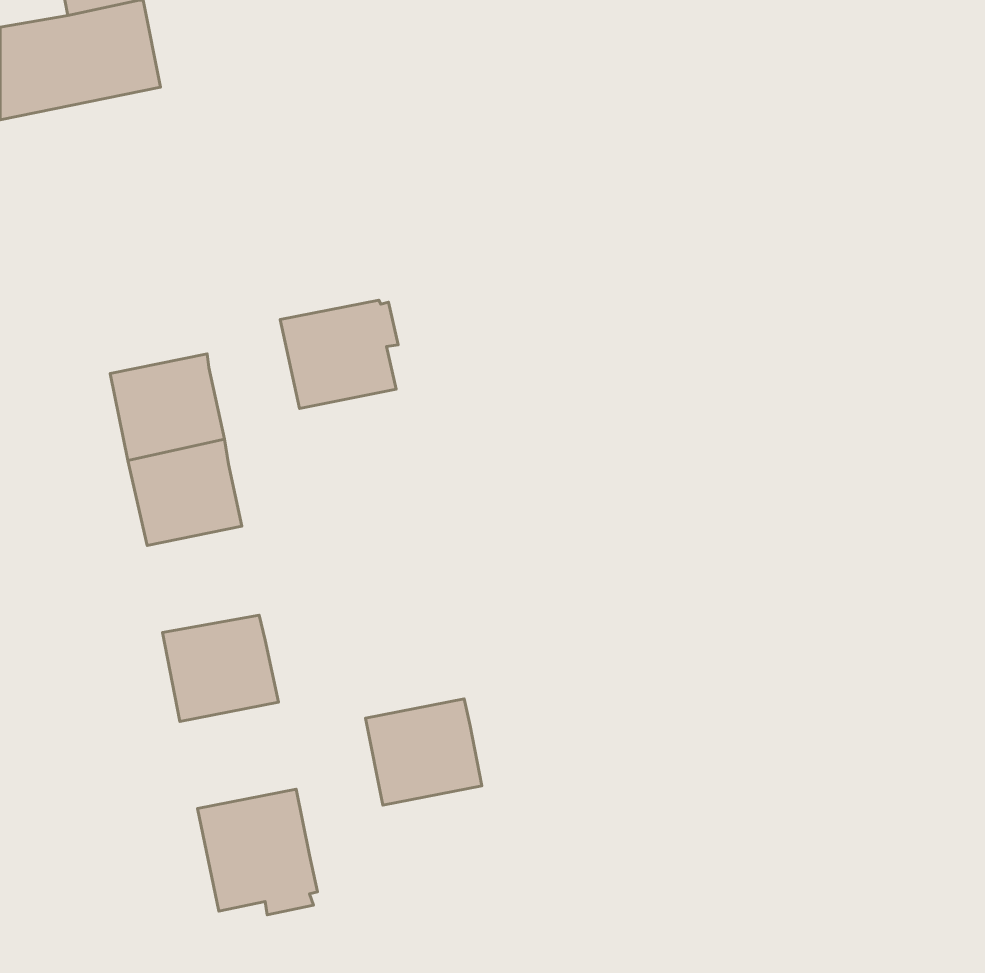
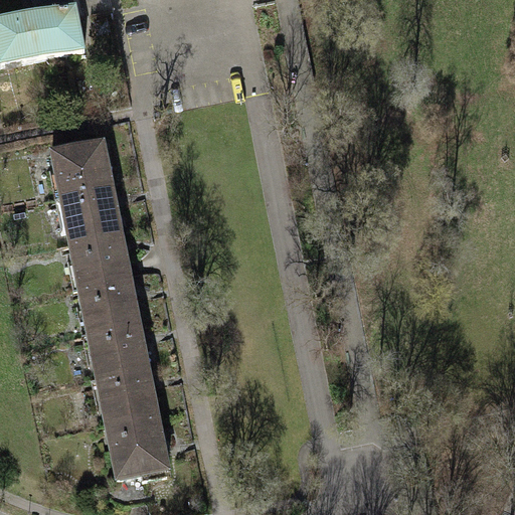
building: [280,300,398,409] -> [49,138,111,194]
building: none -> [78,274,137,329]
building: [366,699,482,805] -> [96,365,156,420]

